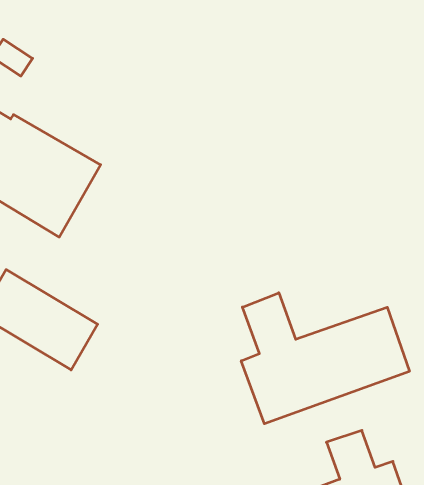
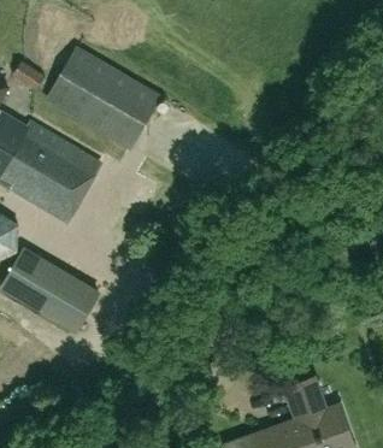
building: none -> [45,45,161,148]
building: [241,293,409,424] -> none

